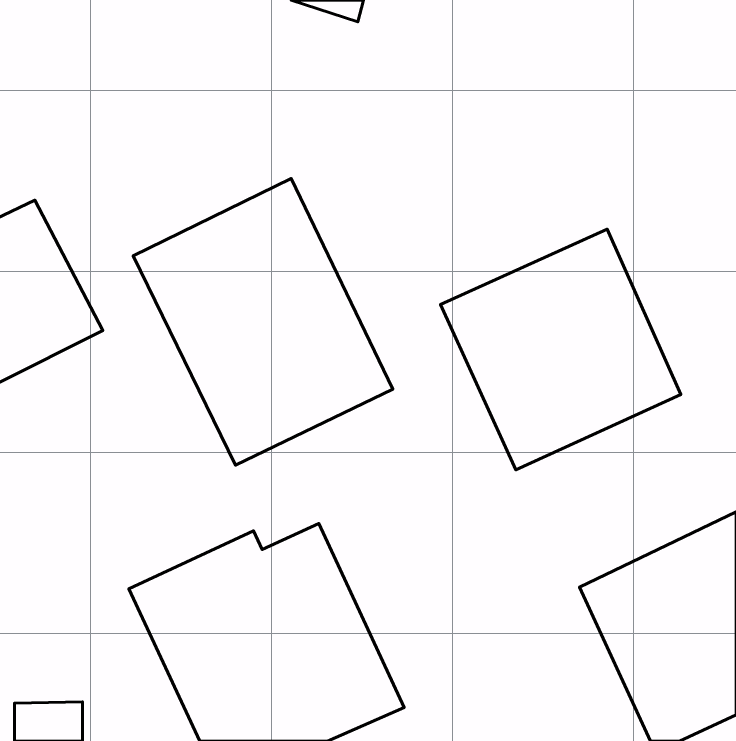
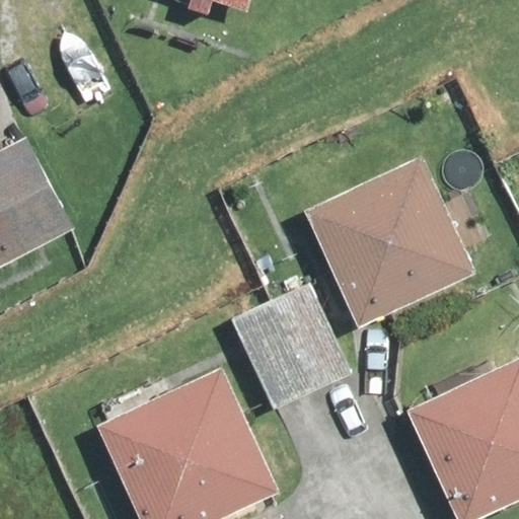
building: [133,179,393,465] -> none
building: none -> [230,281,351,410]

